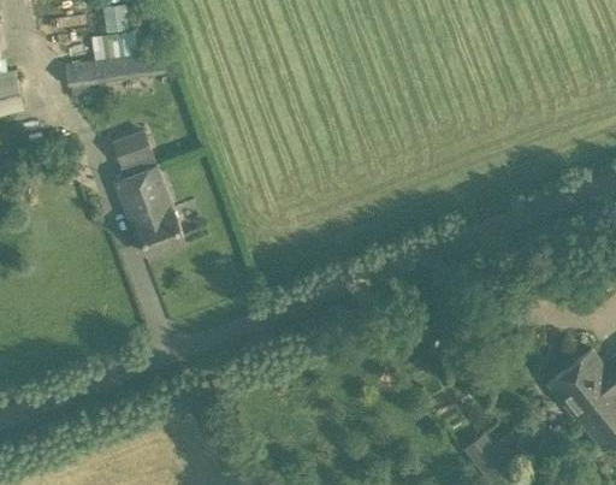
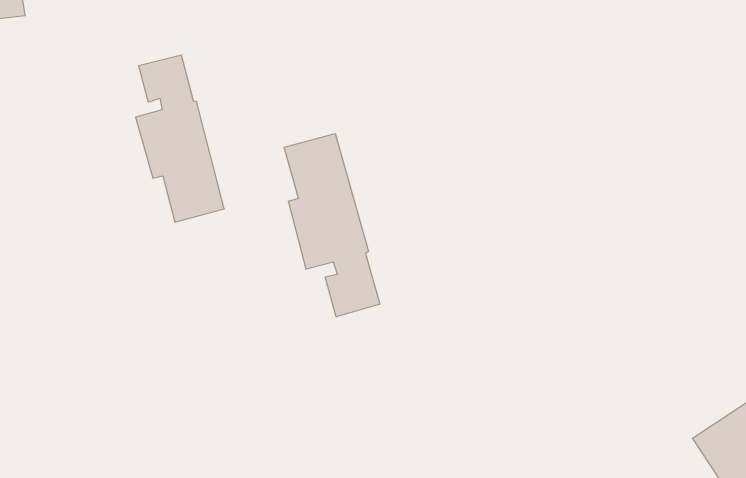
building: none -> [284,134,380,317]

